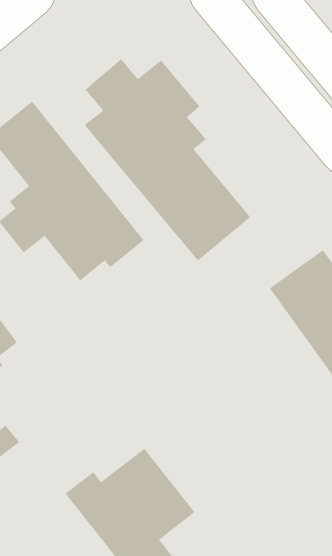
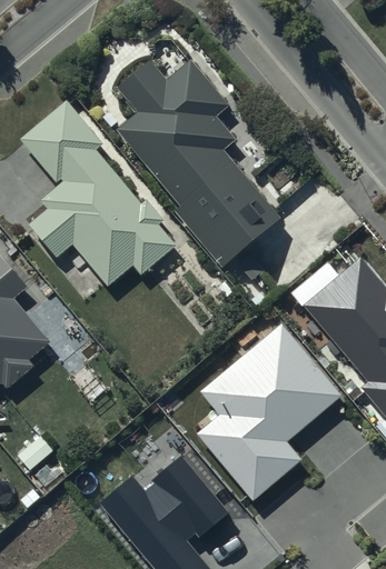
building: none -> [195,321,337,496]

